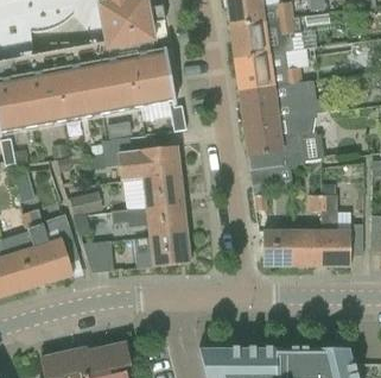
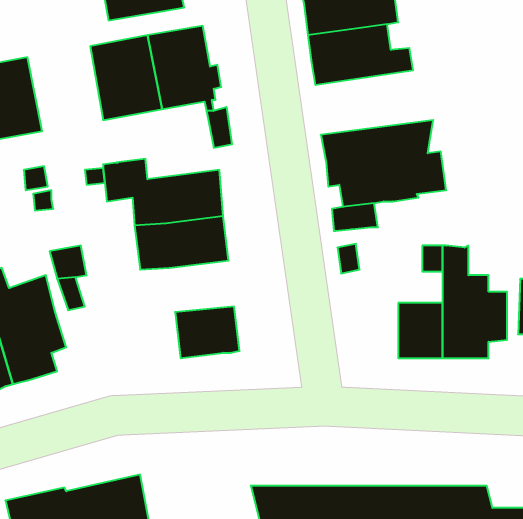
building: [53,64,102,119] -> none
building: [239,78,316,121] -> none
building: [110,202,186,235] -> none
building: [262,229,292,265] -> none
building: [82,239,113,271] -> none

